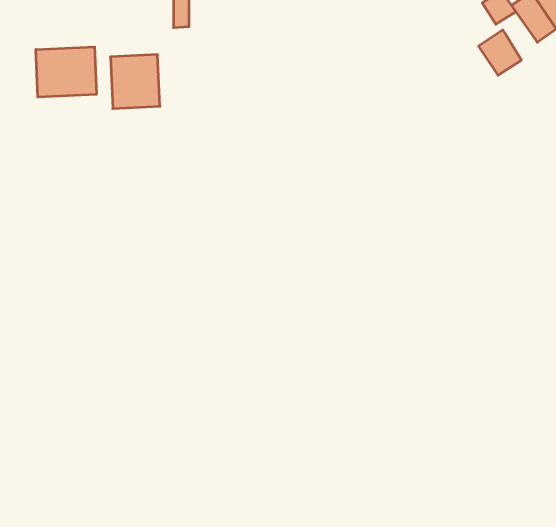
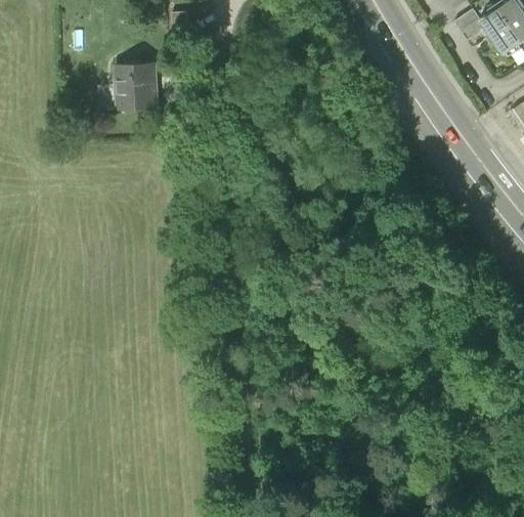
building: [479,30,521,75] -> none
building: [36,47,96,97] -> none

